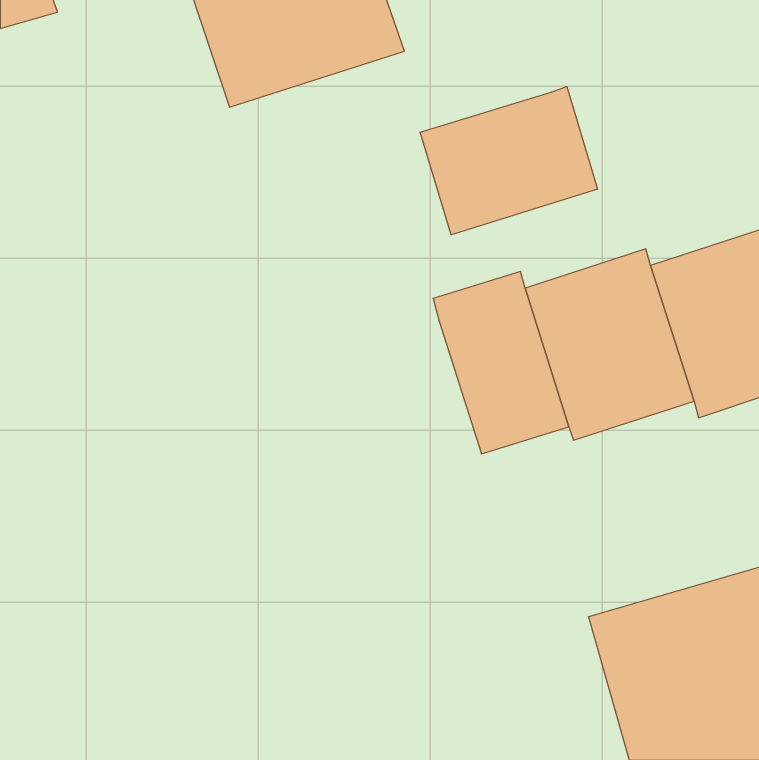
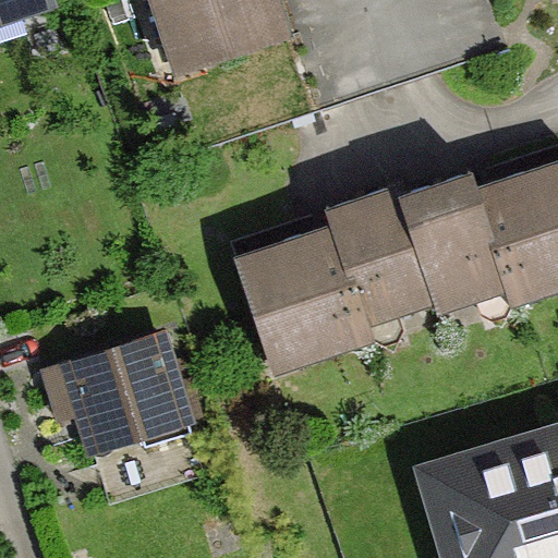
building: [420,87,598,235] -> none
building: none -> [230,232,364,381]
building: none -> [49,327,194,459]

